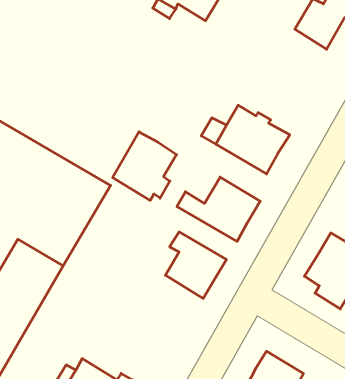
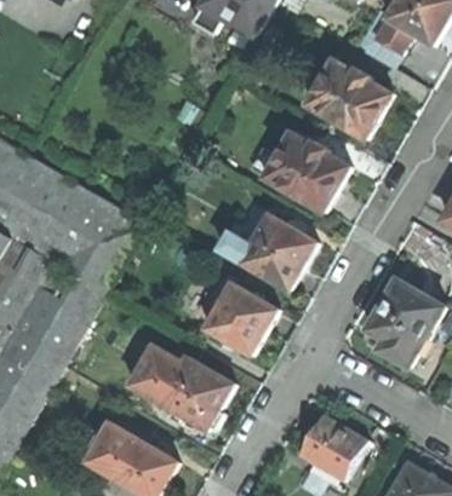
building: none -> [307,60,390,139]
building: [113,132,177,200] -> none
building: none -> [131,344,233,429]

